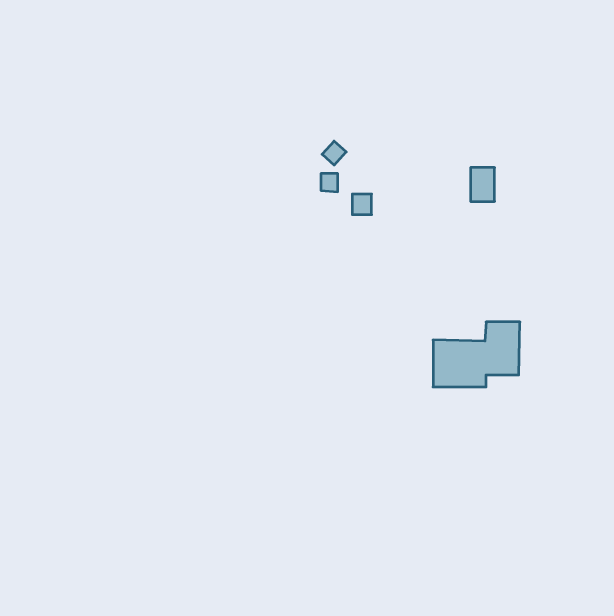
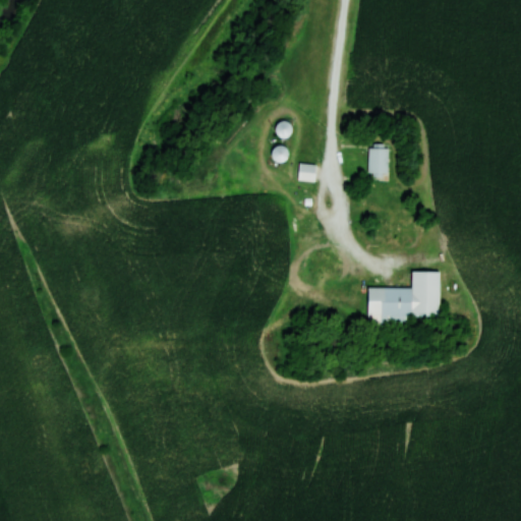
building: [471,168,495,201] -> [368,147,389,175]

